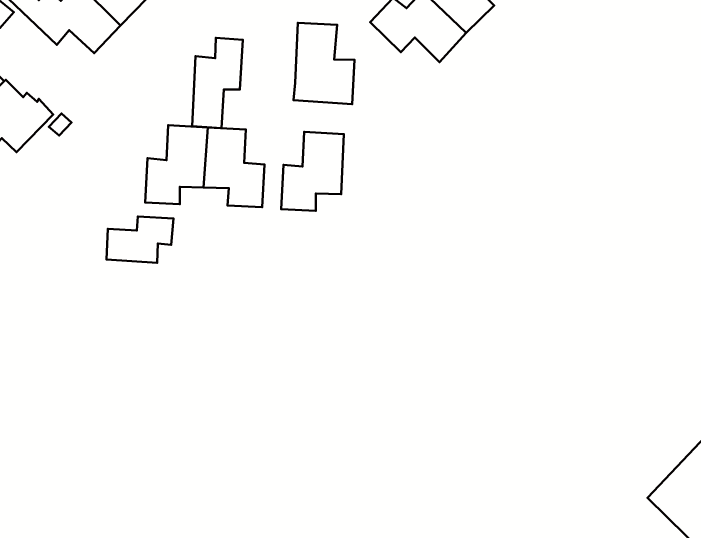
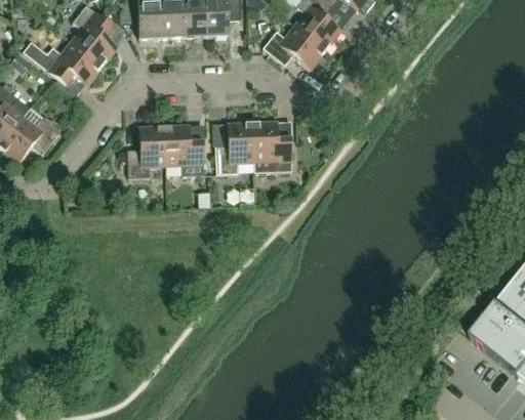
building: [294,23,355,104] -> [252,121,292,172]
building: [192,38,243,128] -> none
building: [107,217,173,263] -> none

